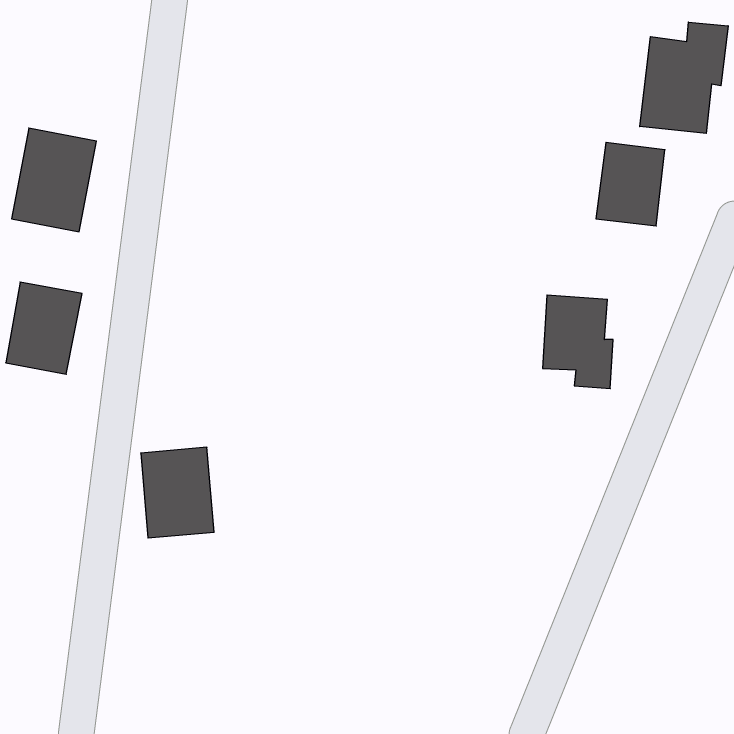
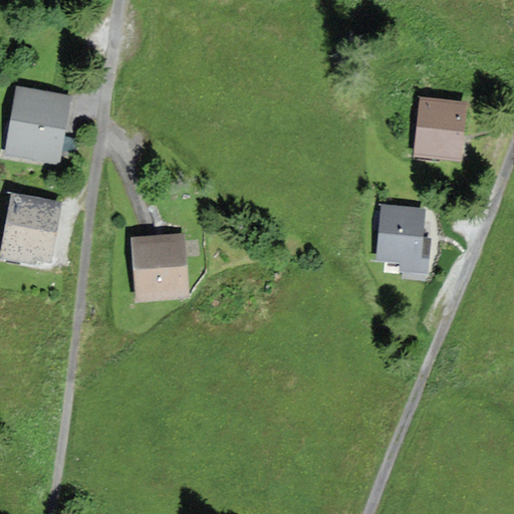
building: [640,22,728,133] -> none
building: [141,447,214,538] -> [133,235,184,298]

